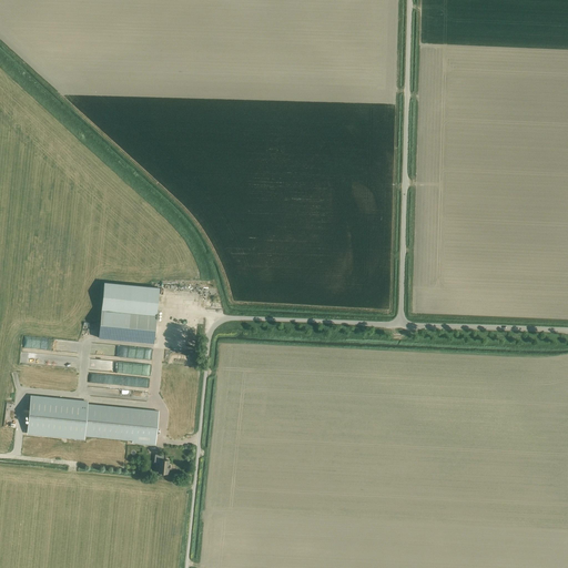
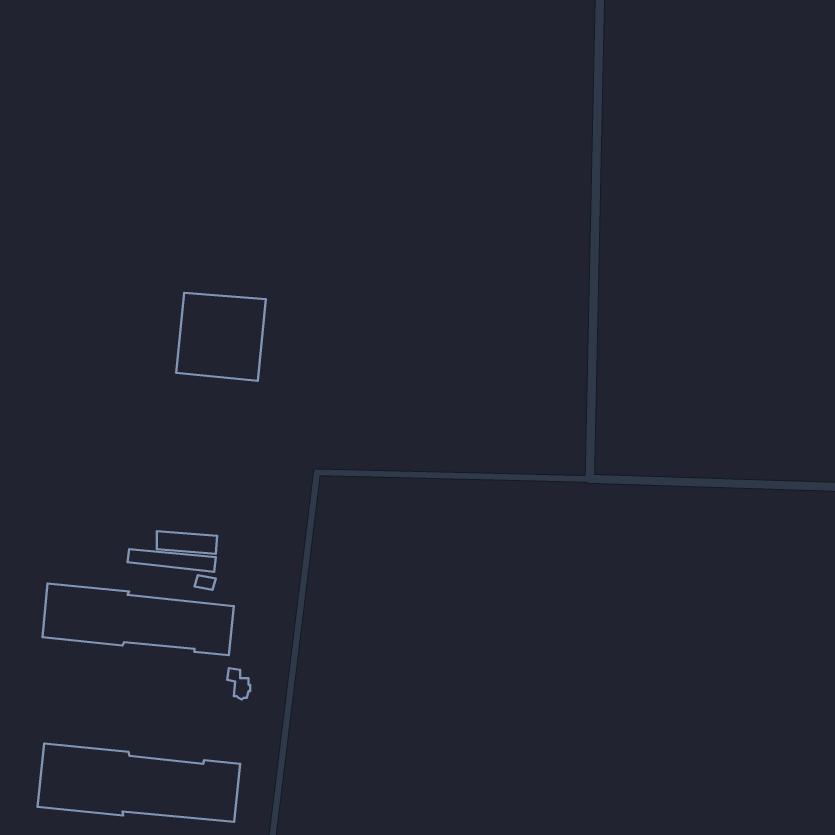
building: [99,283,160,343] -> [176,293,266,381]
building: none -> [37,744,240,822]

